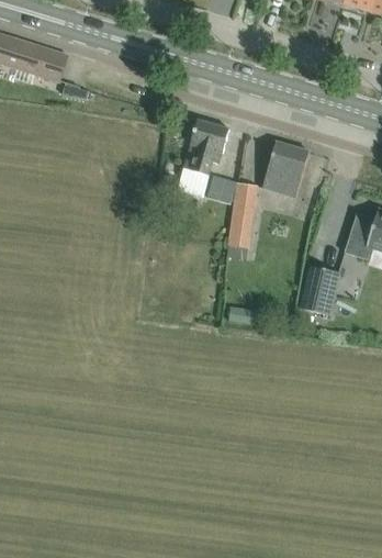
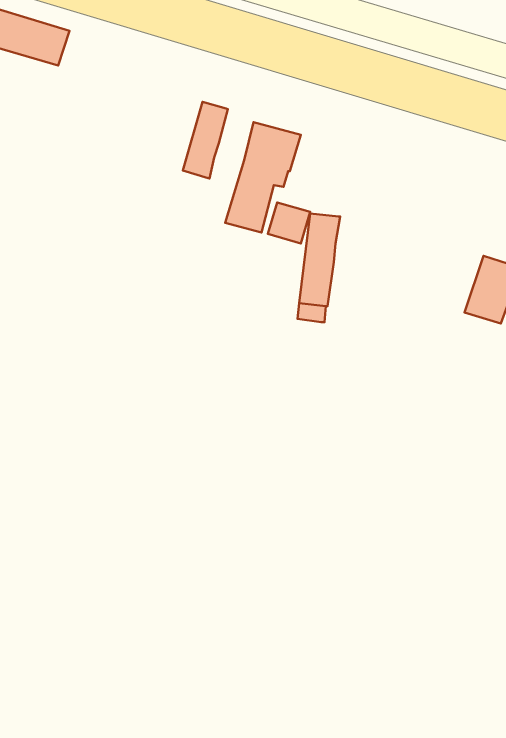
building: none -> [183,102,228,179]
building: [261,141,308,199] -> none
building: [299,265,339,314] -> none

